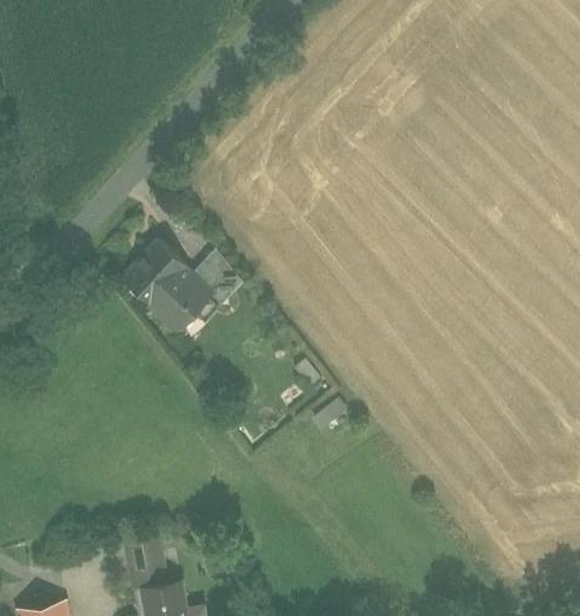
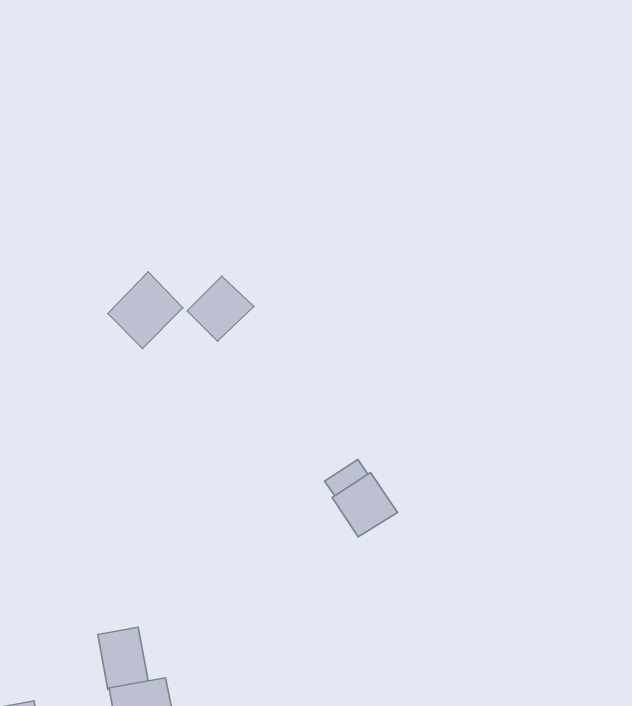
building: [155,274,213,332] -> none
building: none -> [332,472,397,537]

